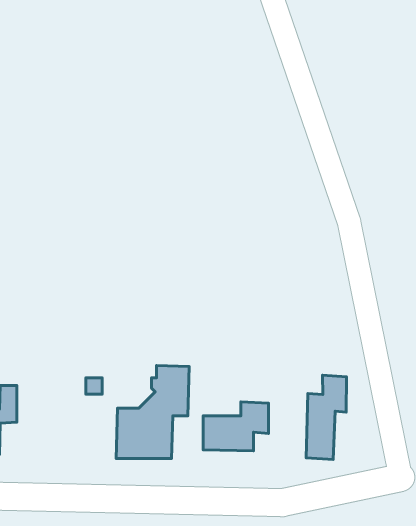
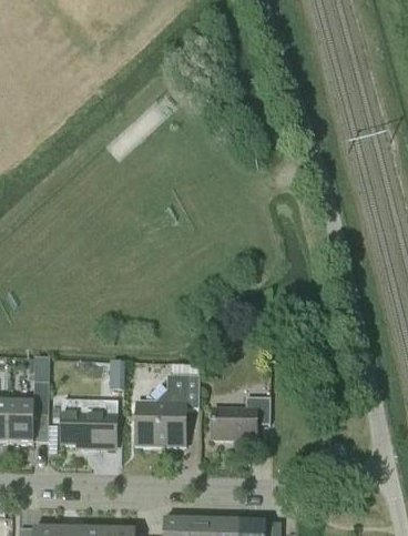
building: [306,375,346,459] -> none
building: none -> [60,397,116,448]

